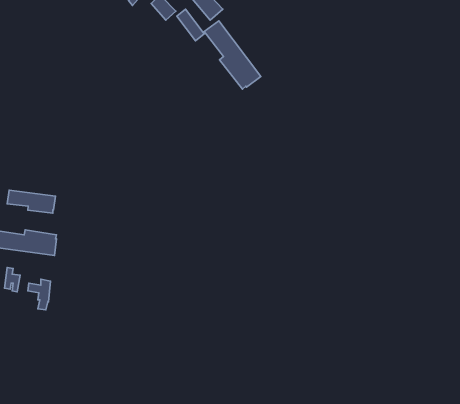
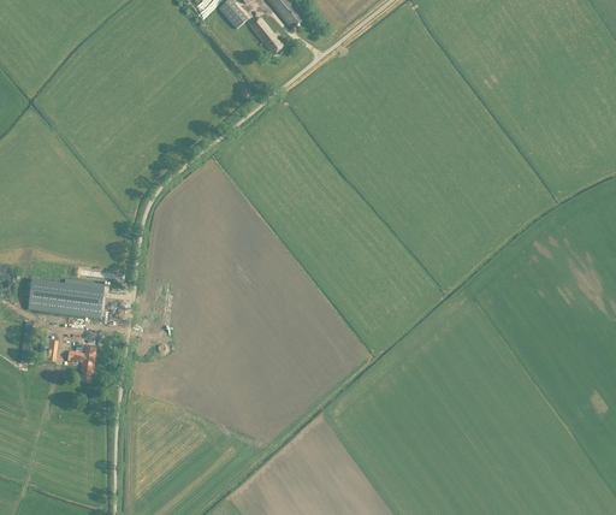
building: [204,21,261,89] -> none
building: [7,190,56,213] -> none

